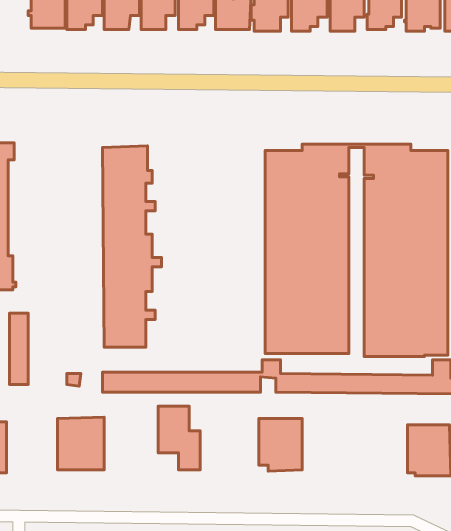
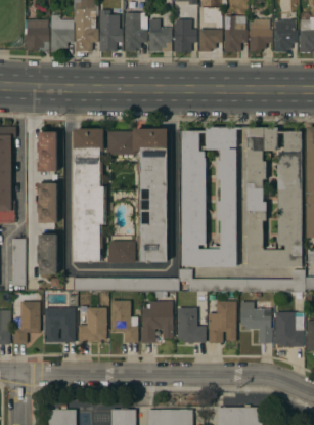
building: none -> [107,128,168,261]
building: none -> [37,131,57,172]
building: none -> [38,183,57,223]
building: none -> [38,233,57,274]
building: none -> [108,241,136,263]
building: none -> [13,301,40,343]
building: none -> [208,301,236,342]
building: none -> [141,302,173,342]
building: none -> [240,302,272,343]
building: none -> [78,307,106,342]

